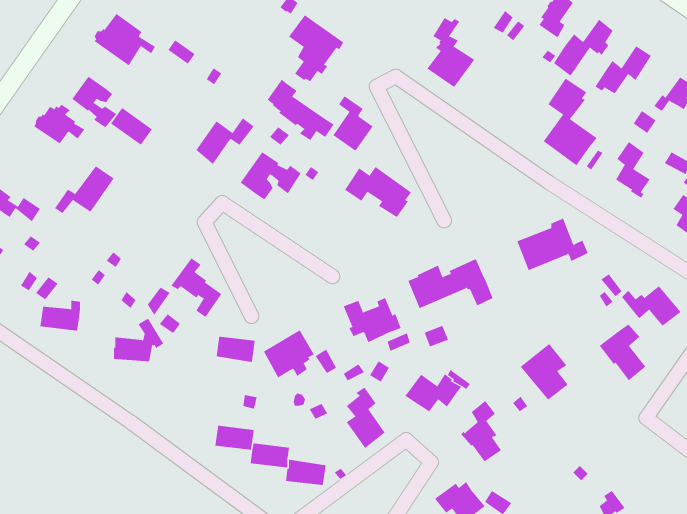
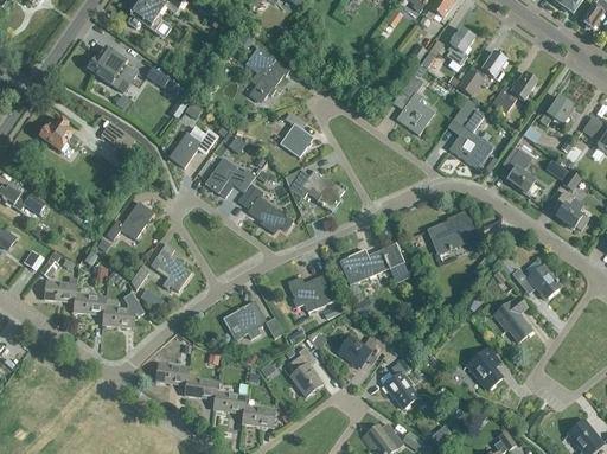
building: [426,17,475,88] -> [396,77,435,134]
building: [72,76,117,128] -> none
building: [267,79,334,141] -> [238,183,293,232]
building: [54,165,114,214] -> [106,200,154,239]
building: none -> [74,294,106,314]
building: [216,336,255,363] -> [156,363,189,384]
building: [520,343,569,401] -> [465,344,504,390]

